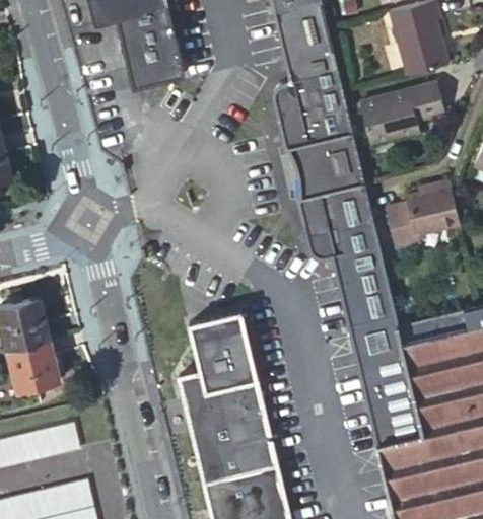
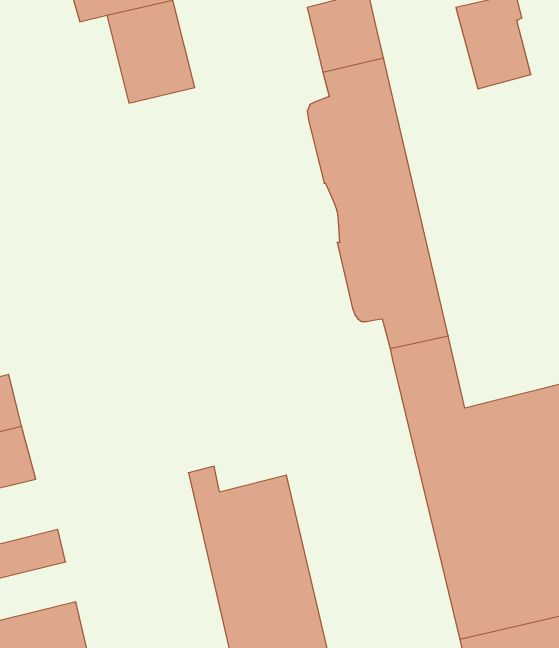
building: [360,83,445,143] -> none
building: [388,183,461,245] -> none
building: [189,311,257,391] -> none

